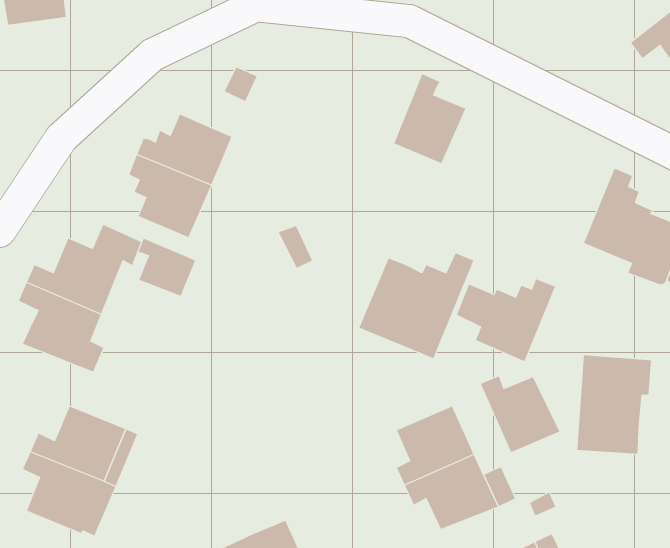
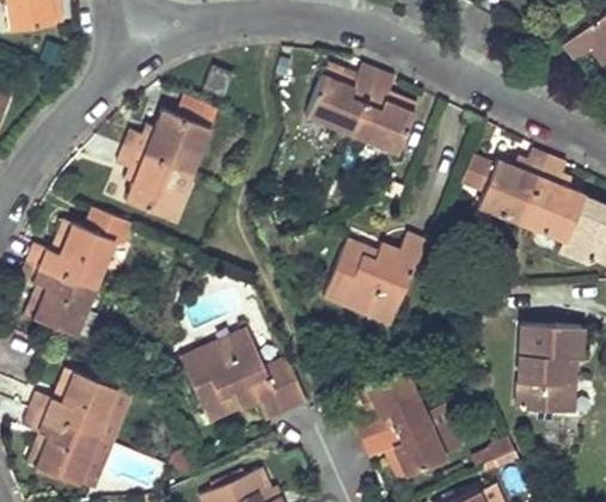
building: none -> [308,66,379,135]
building: [138,238,196,297] -> none
building: [456,278,556,362] -> [461,149,550,224]
building: none -> [180,327,306,420]
building: [480,375,560,453] -> none

